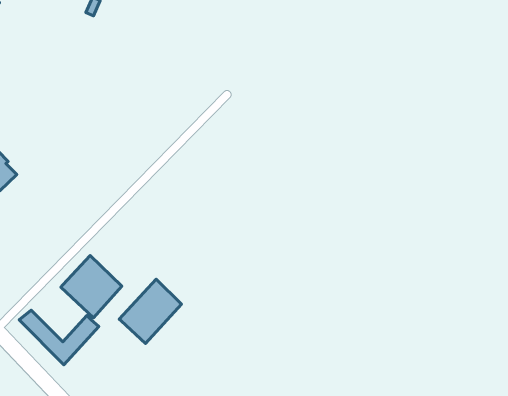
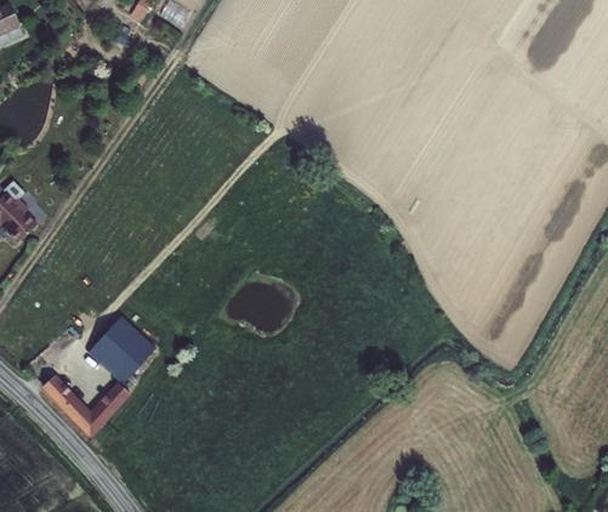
building: [119,279,181,344] -> none

